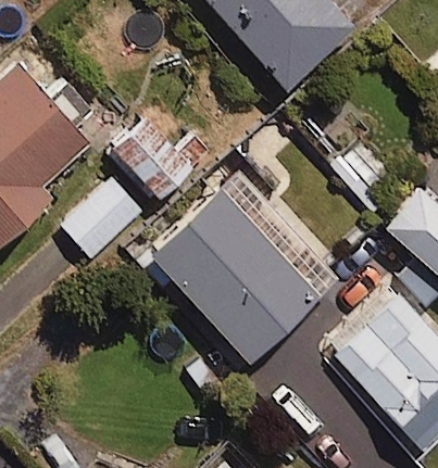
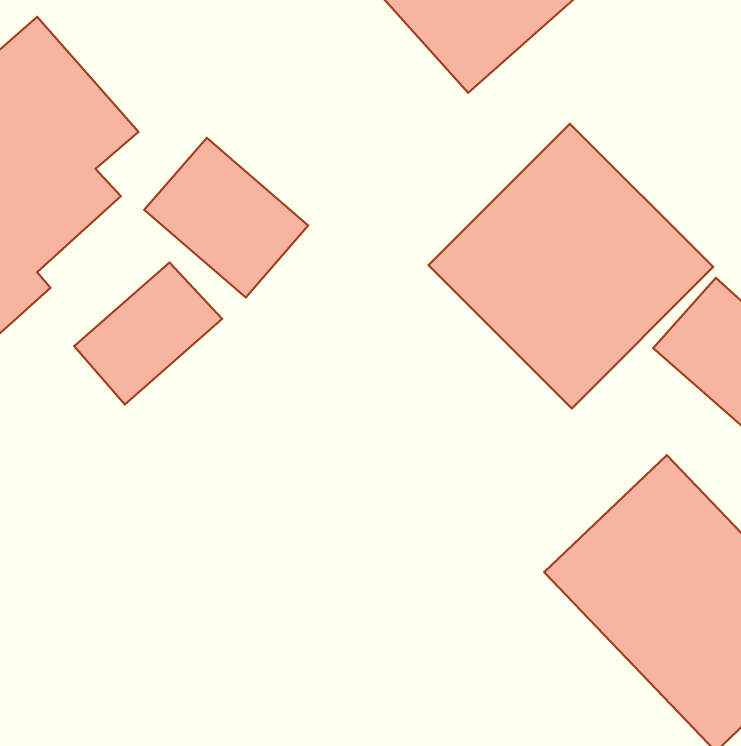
building: none -> [429,124,713,408]
building: [151,190,316,354] -> none

